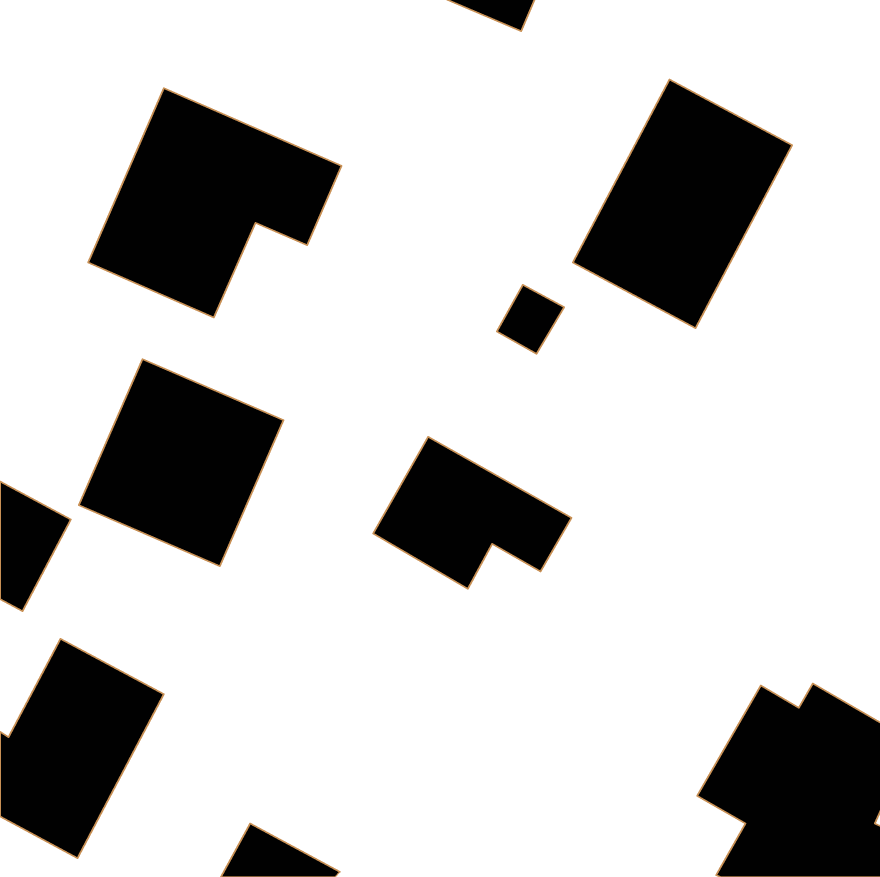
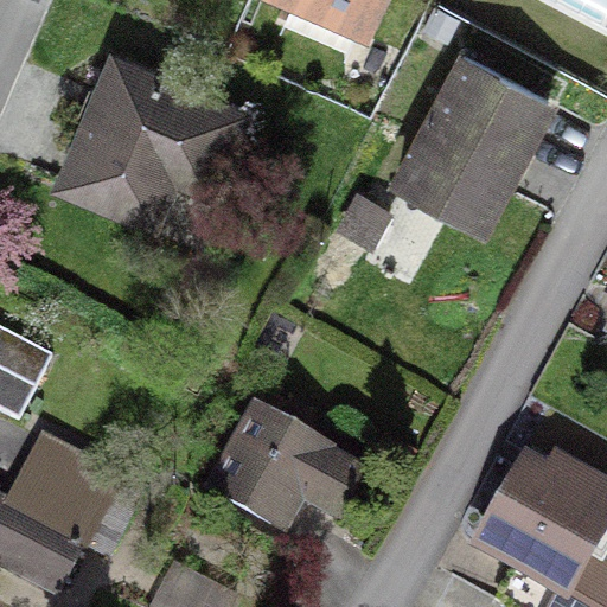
building: [79,359,284,566] -> none
building: [373,437,571,589] -> [216,422,352,526]

